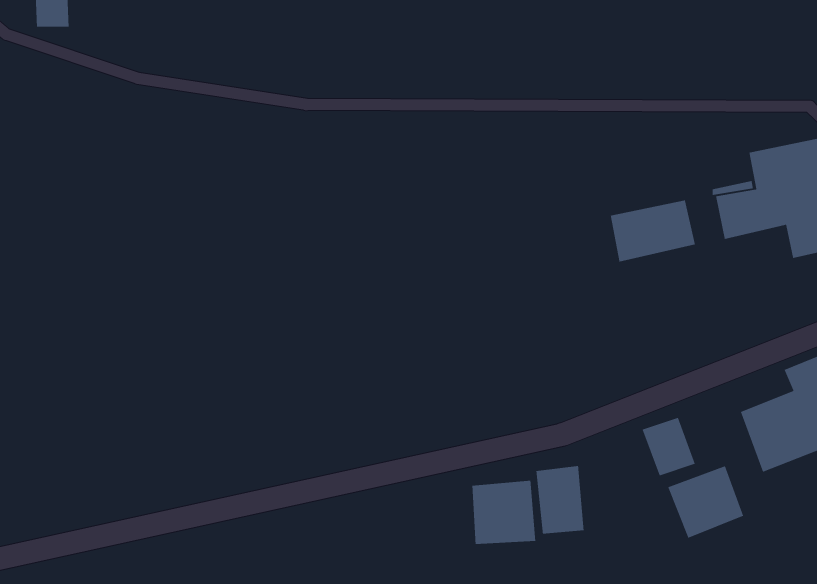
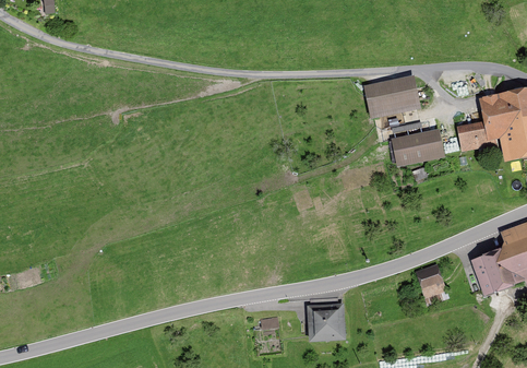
building: none -> [363,76,420,118]
building: [667,465,744,539] -> none
building: [536,465,585,534] -> none

